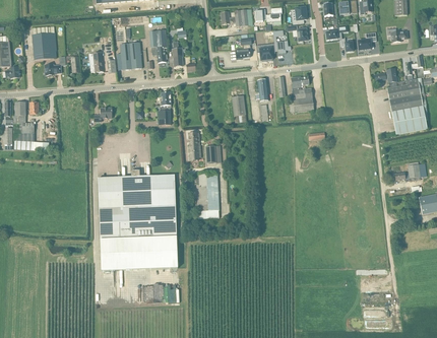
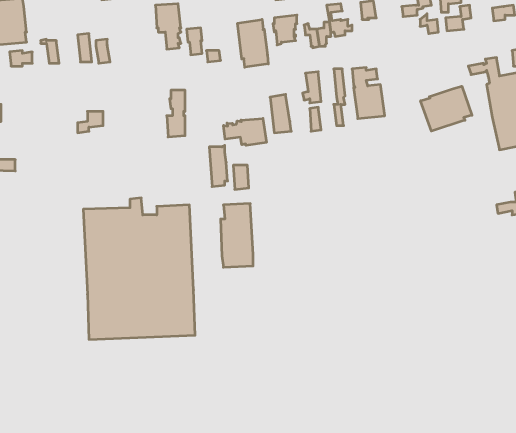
building: none -> [238,19,268,67]
building: [120,42,142,69] -> none
building: none -> [421,86,472,131]
building: none -> [224,118,266,145]

